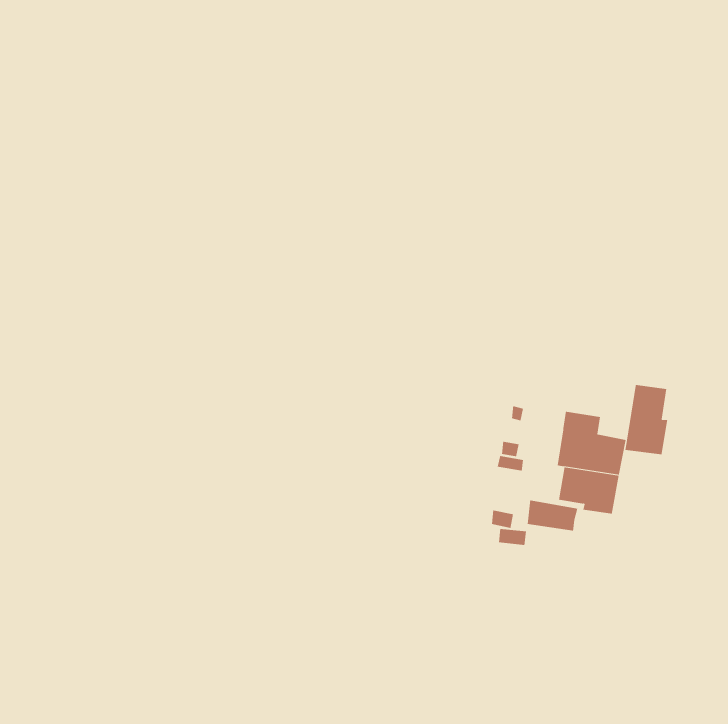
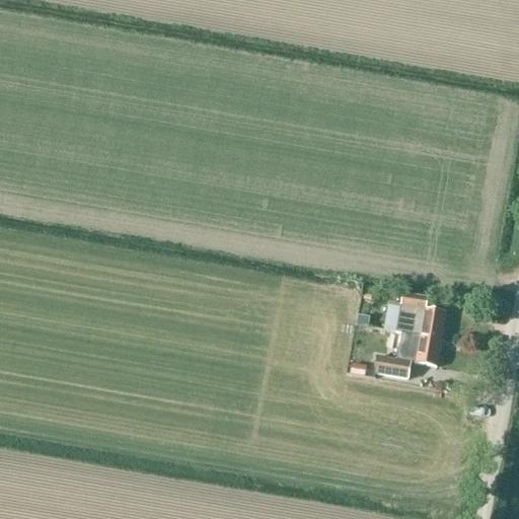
building: [625,384,668,455] -> none

